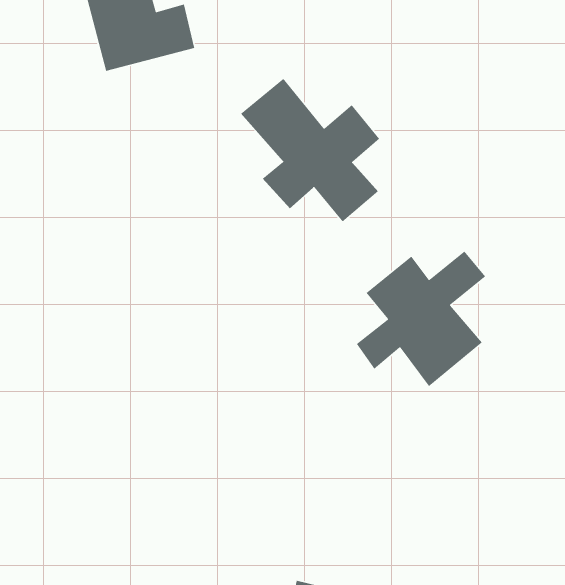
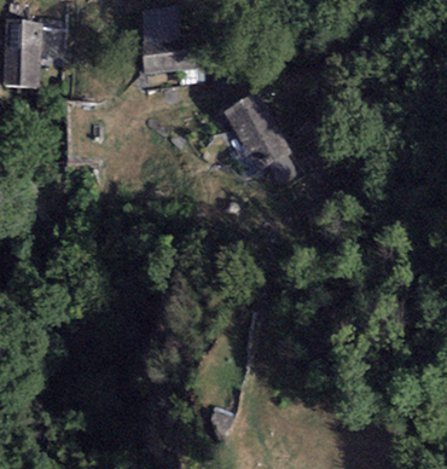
building: [356,251,486,387] -> none

